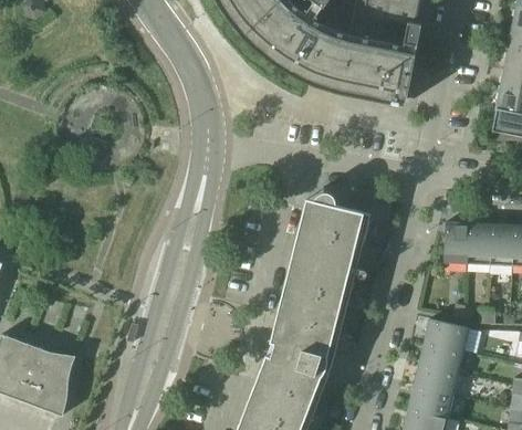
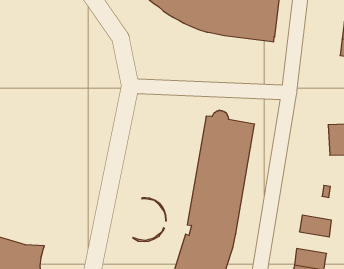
building: [443,221,469,263] -> none
building: [425,318,469,350] -> none
building: [414,363,459,395] -> none

